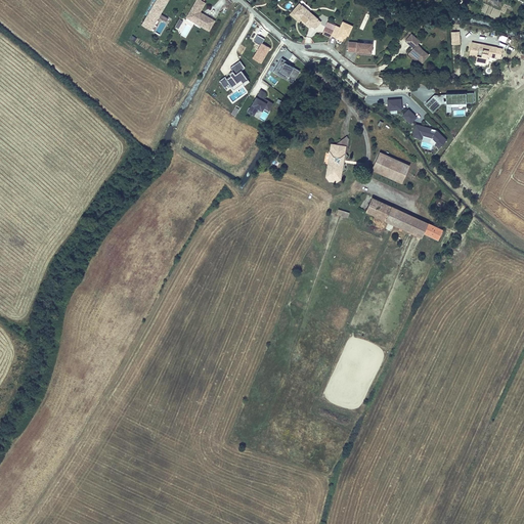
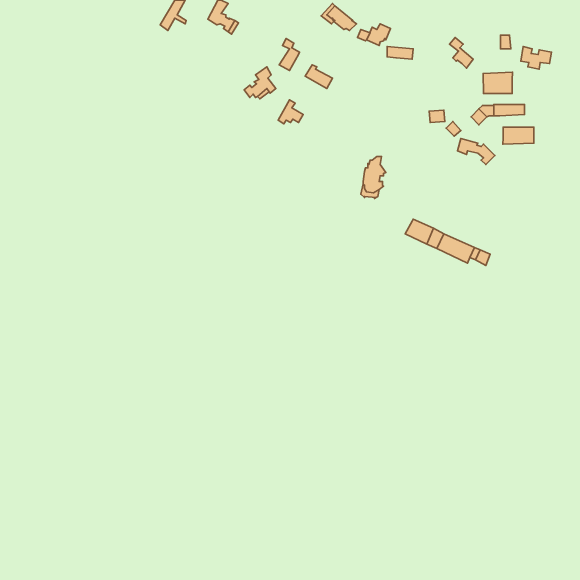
building: none -> [483,72,512,94]
building: none -> [503,127,534,144]
building: [372,154,409,184] -> none

